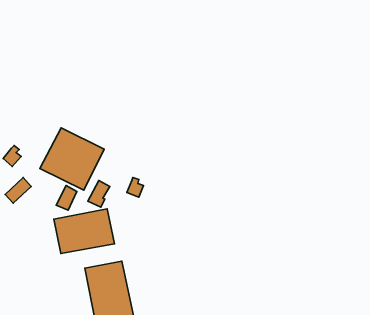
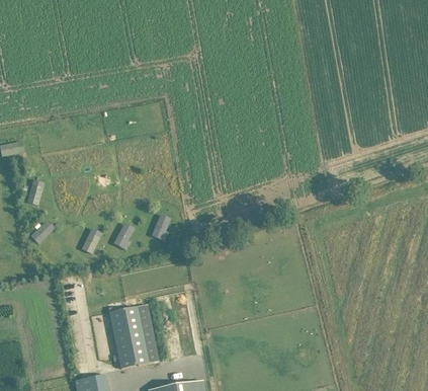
building: [40,128,104,190] -> none
building: [54,209,115,253] -> none

